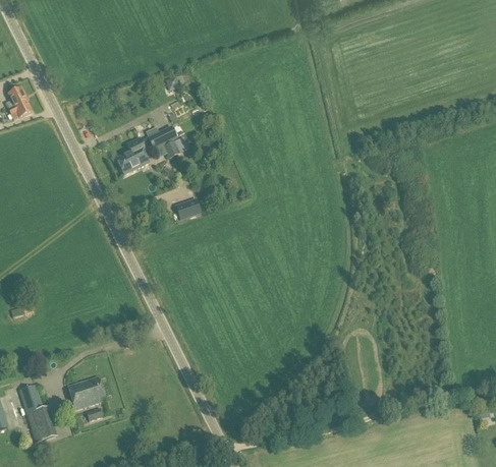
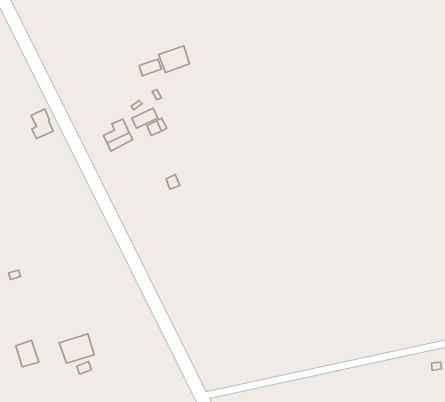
building: none -> [158,46,189,73]
building: [6,85,31,118] -> [31,109,53,138]
building: [25,406,55,442] -> none

